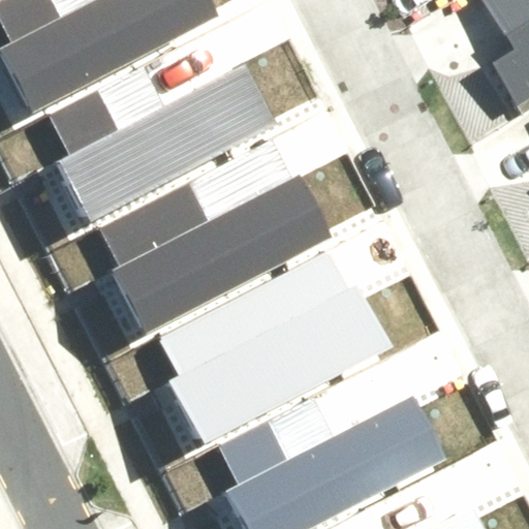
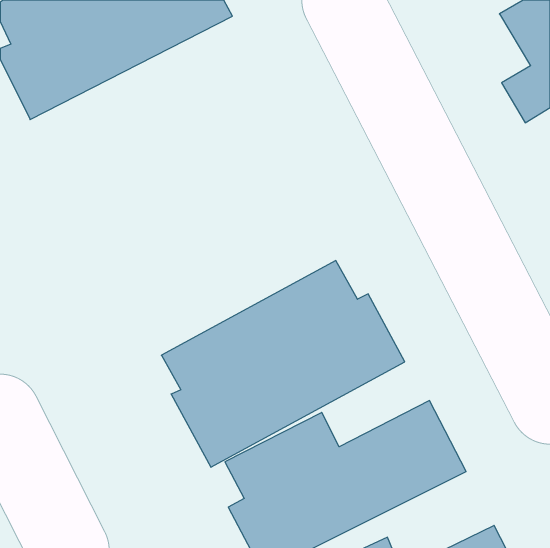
building: [49,58,279,224] -> none
building: [106,165,338,332] -> none

